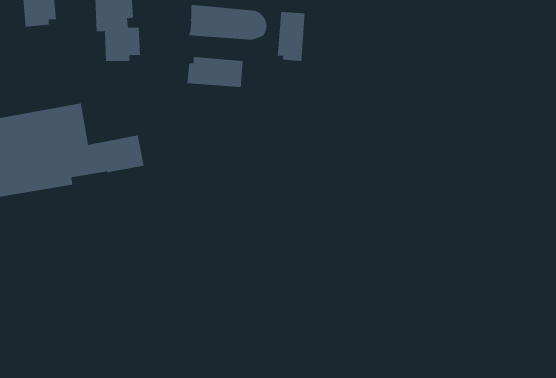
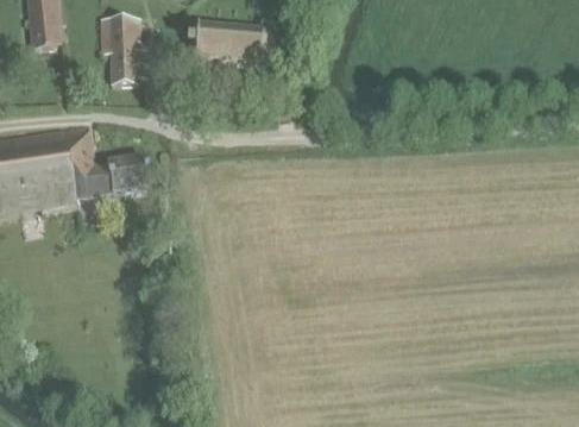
building: [277,11,305,62] -> none
building: [187,56,243,88] -> none

